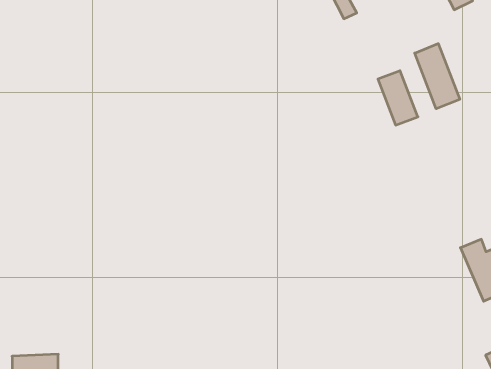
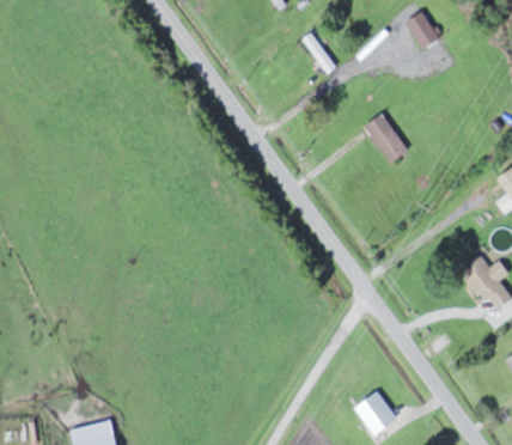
building: [415,44,460,109] -> none

